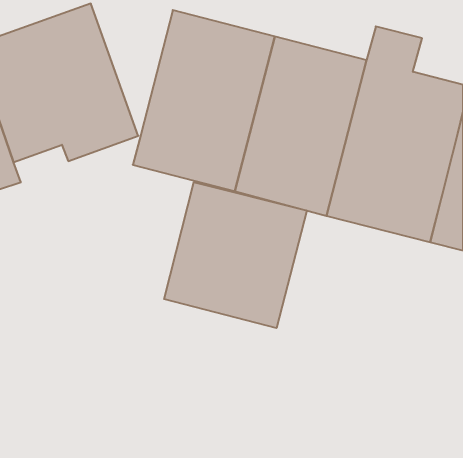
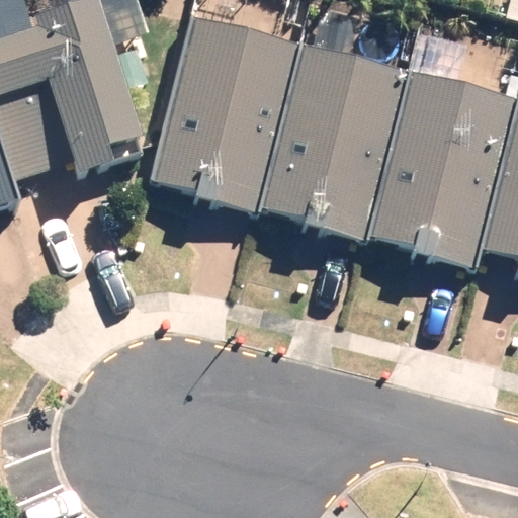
building: [164,182,307,328] -> none

